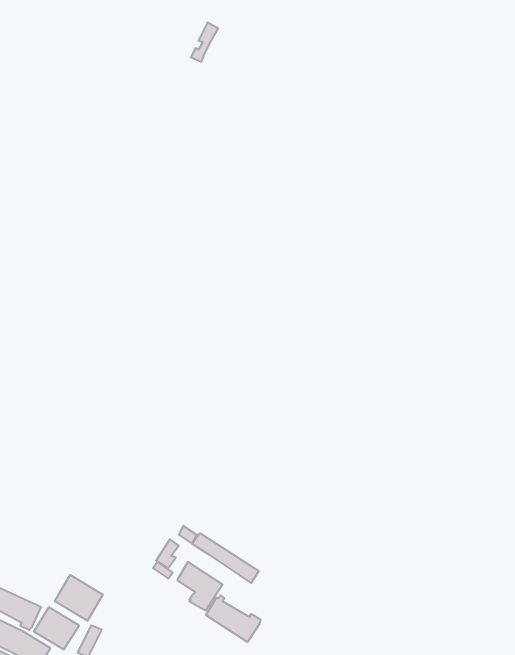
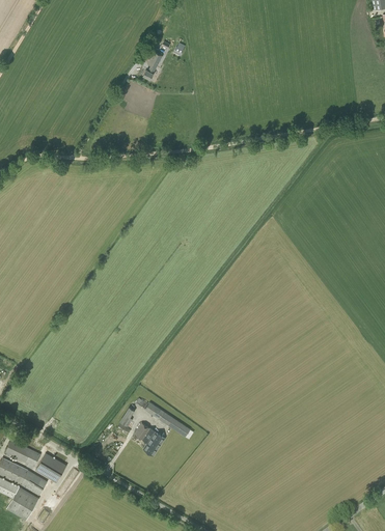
building: [55,575,103,621] -> none
building: [206,595,260,642] -> none

